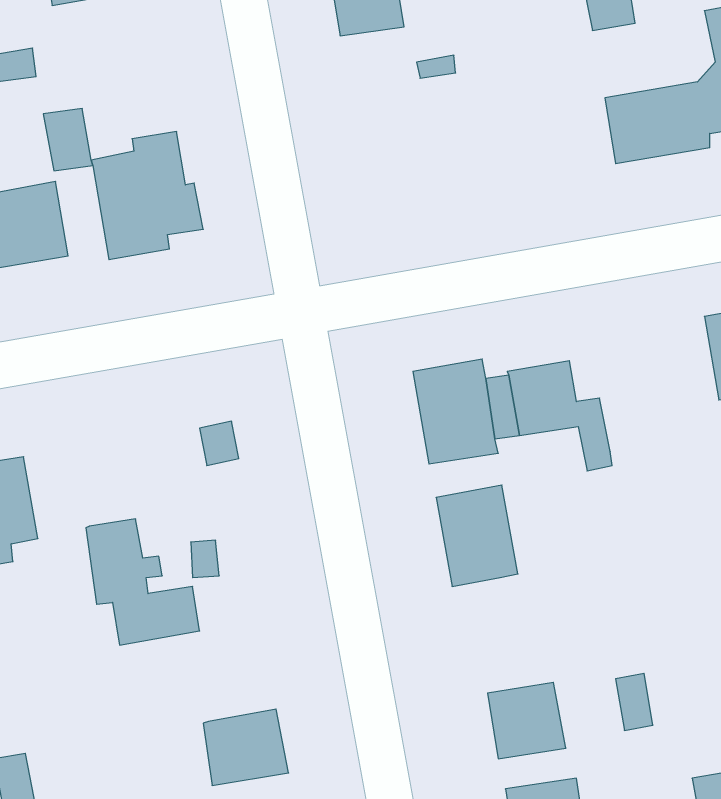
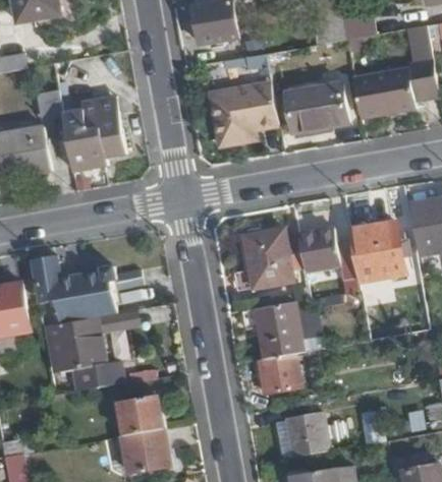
building: none -> [212,83,278,144]
building: none -> [285,85,348,132]
building: none -> [347,224,403,281]
building: none -> [35,253,113,323]
building: none -> [258,353,299,395]
building: none -> [120,395,165,435]

